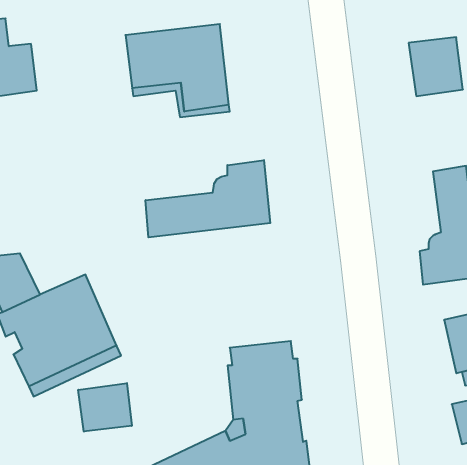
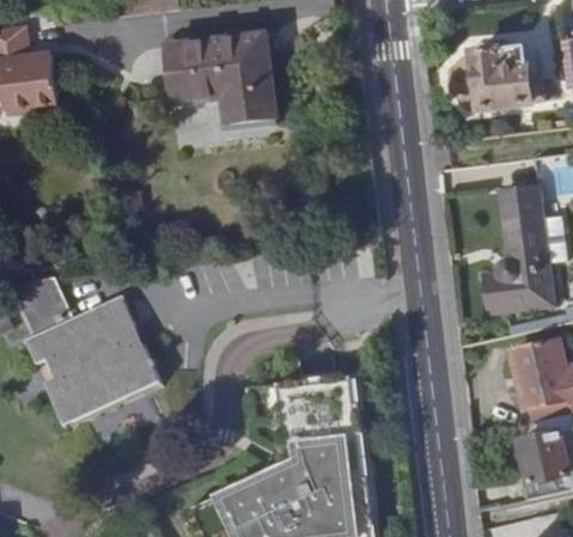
building: [146,160,270,237] -> none
building: [78,383,132,432] -> none

